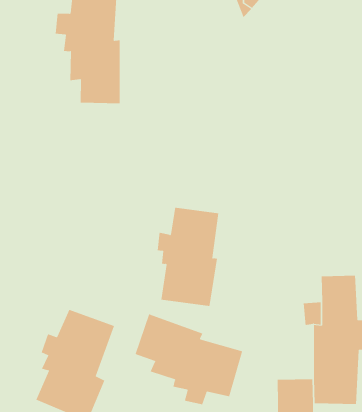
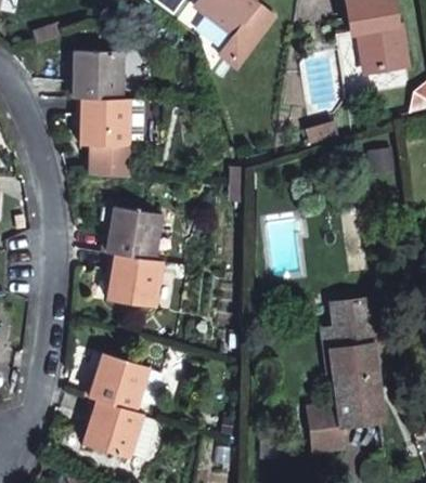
building: [157,207,219,306] -> [101,210,158,299]
building: [135,313,243,405] -> none

